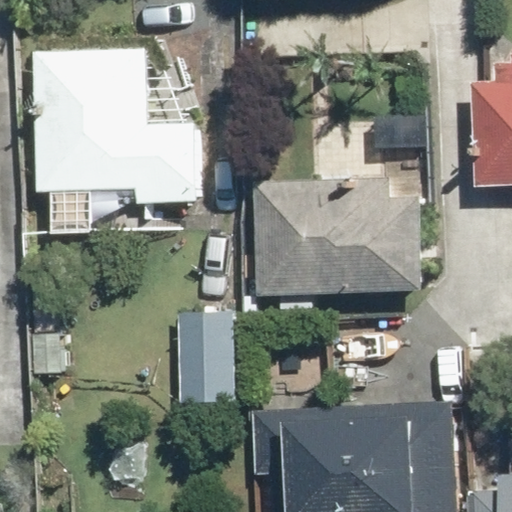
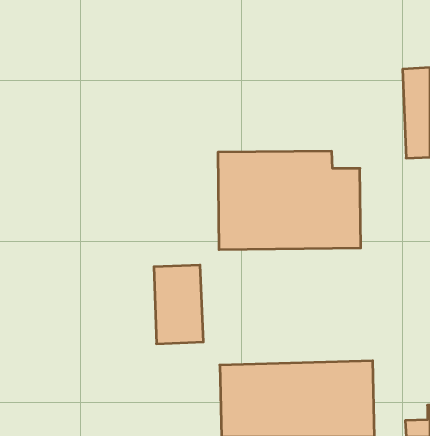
building: [35,48,197,202] -> none

